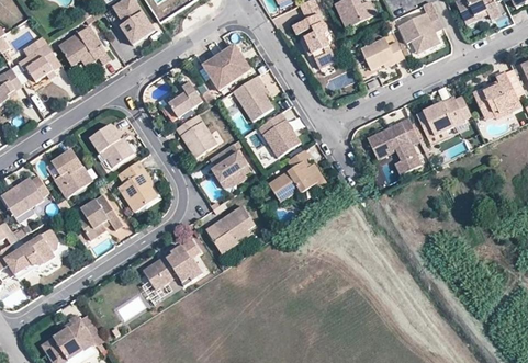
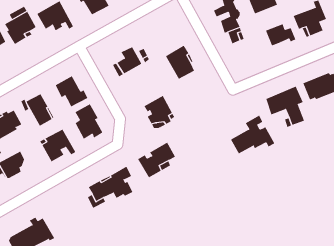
building: [203,44,252,89] -> none
building: [258,112,301,157] -> none
building: [176,114,217,157] -> none
building: [269,148,328,202] -> [230,115,275,154]

